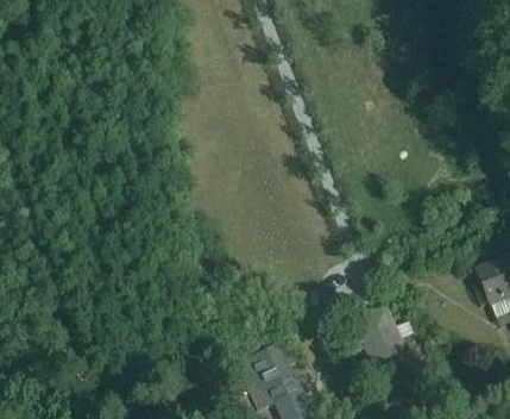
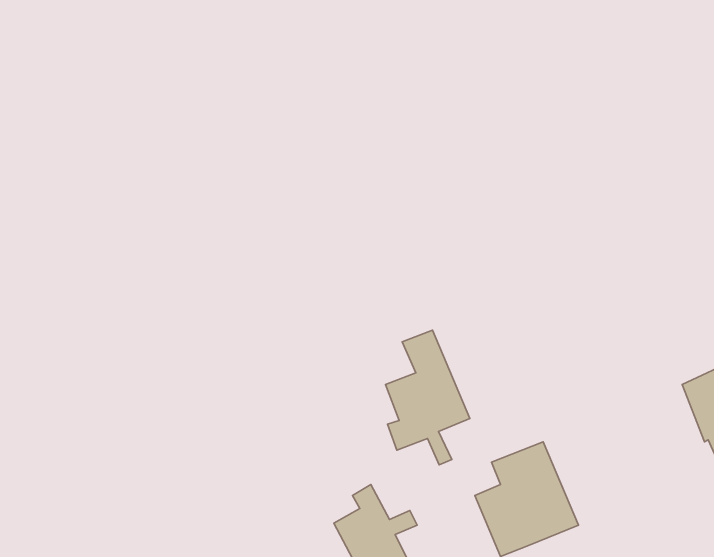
building: none -> [385,330,470,465]

